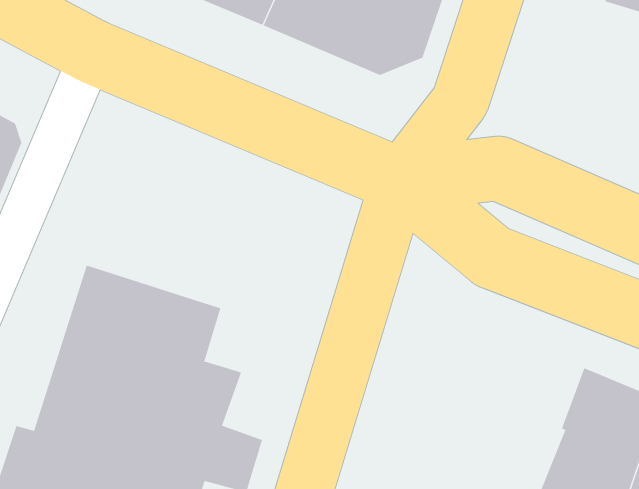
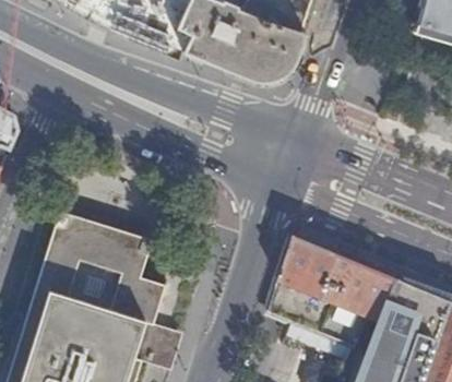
building: none -> [267,236,400,347]

